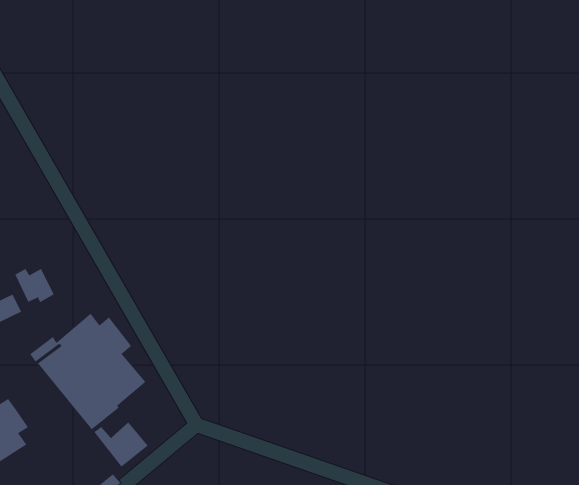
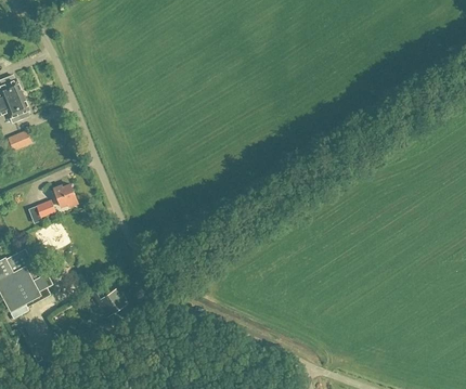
building: [29,313,146,430] -> none

